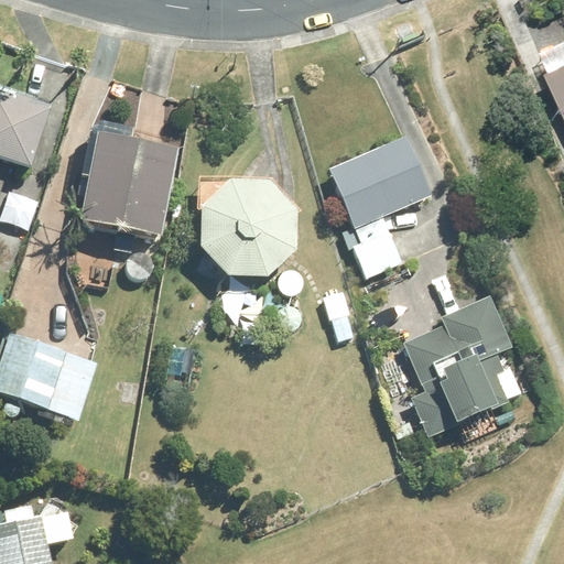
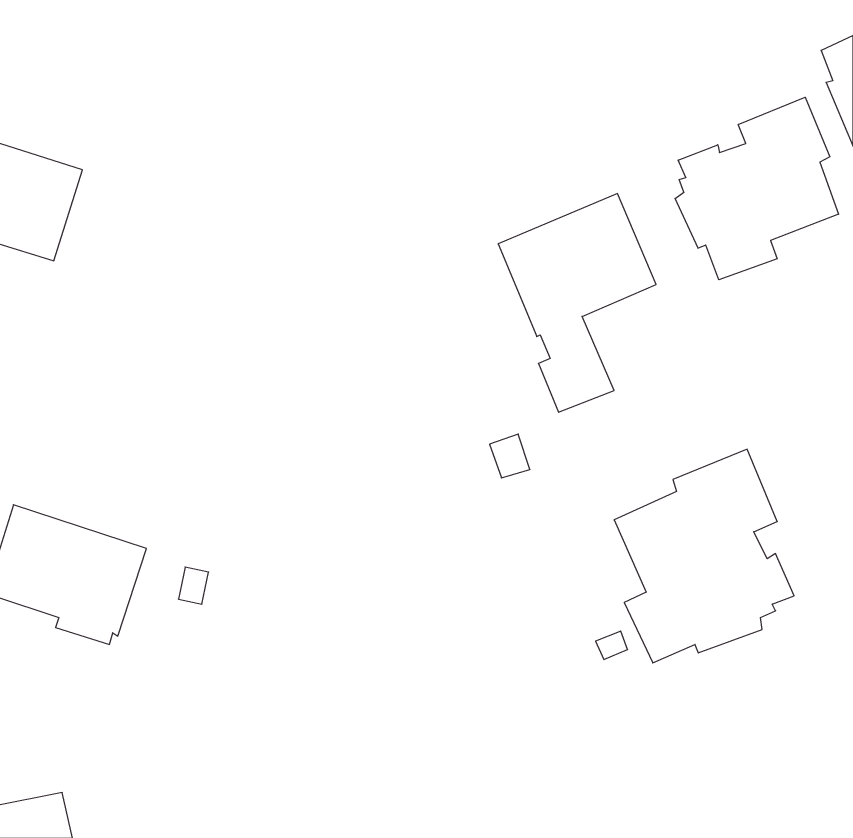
building: none -> [675,97,839,280]
building: [77,137,177,246] -> none
building: [199,183,296,281] -> none

